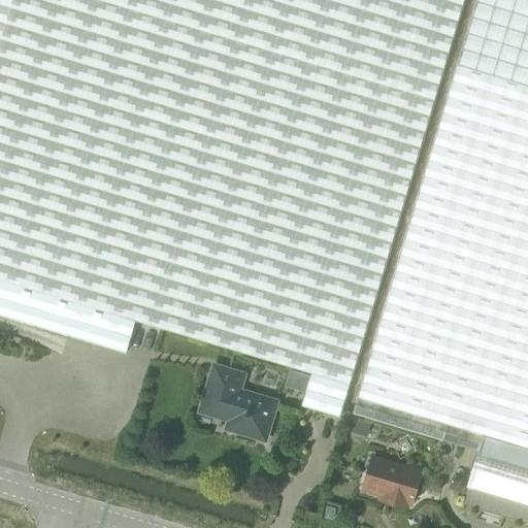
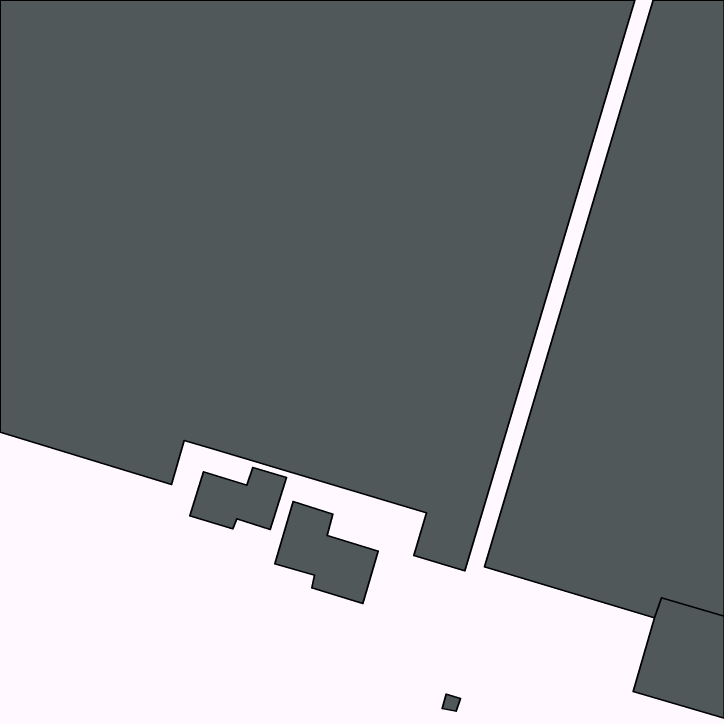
building: none -> [190,468,287,530]
building: [361,457,424,507] -> none

